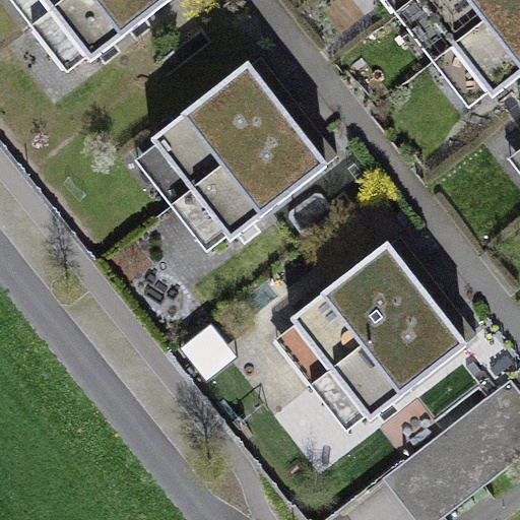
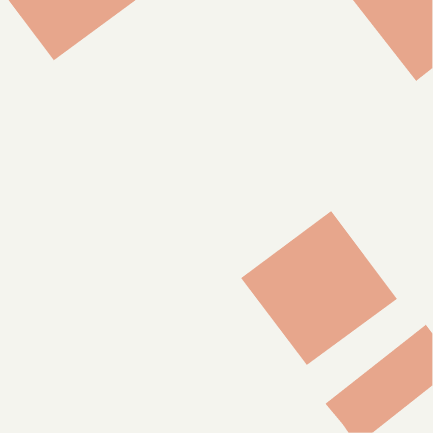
building: [143,63,327,244] -> none

